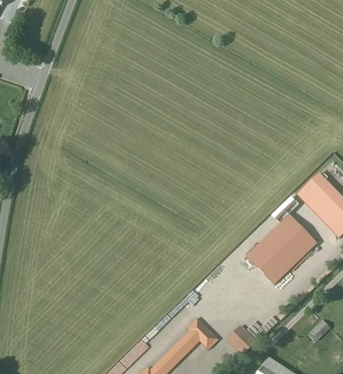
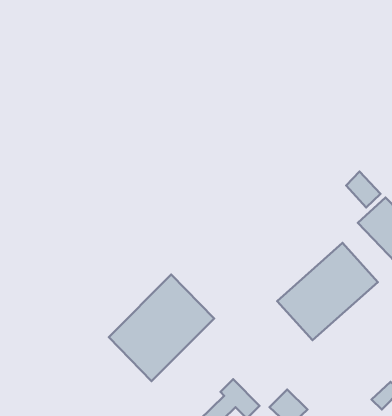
building: none -> [346,172,381,208]
building: none -> [109,275,214,381]

